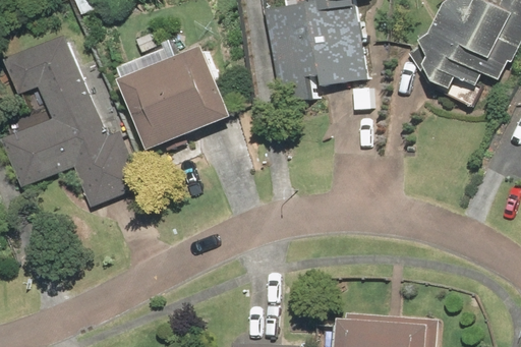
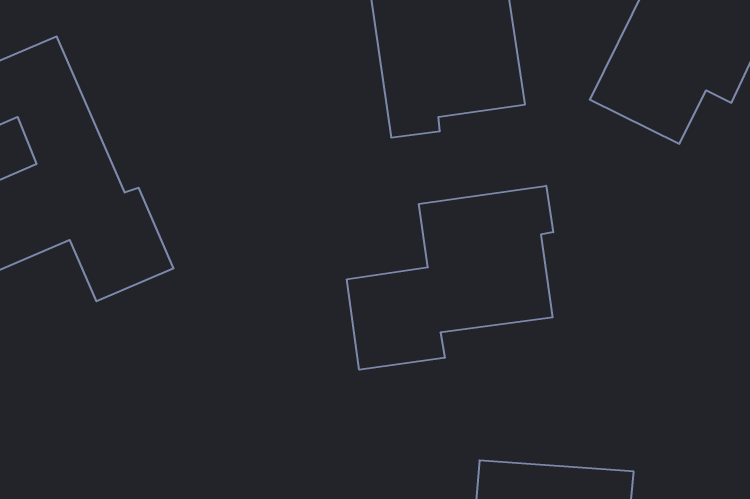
building: [117,47,228,150] -> none
building: none -> [347,186,553,370]

